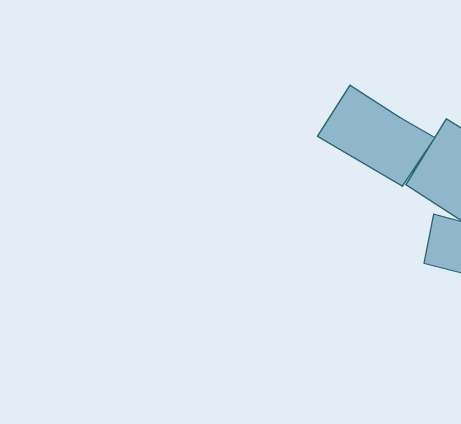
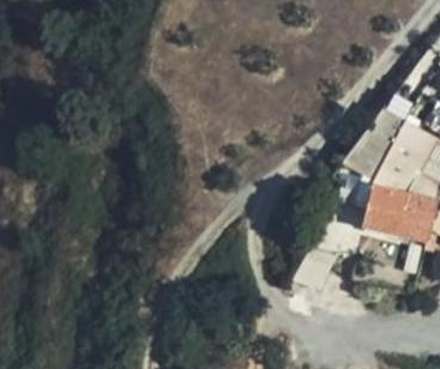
building: [318,85,435,186] -> none

